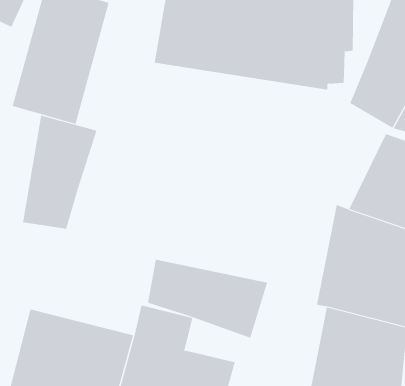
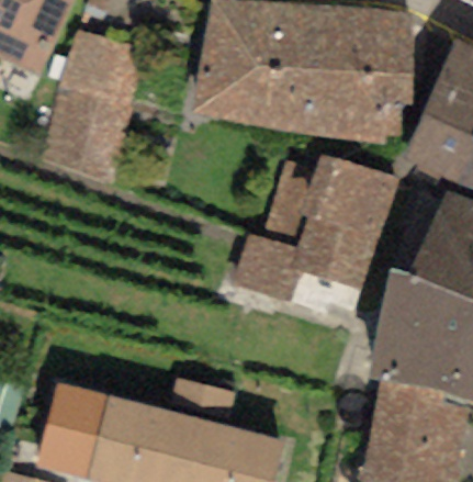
building: none -> [232,157,395,301]
building: [23,115,97,229] -> none
building: [148,259,268,338] -> none

